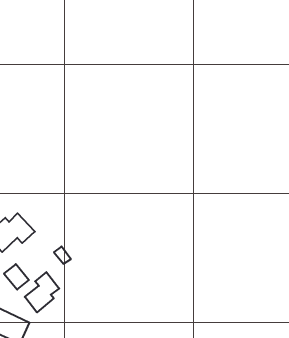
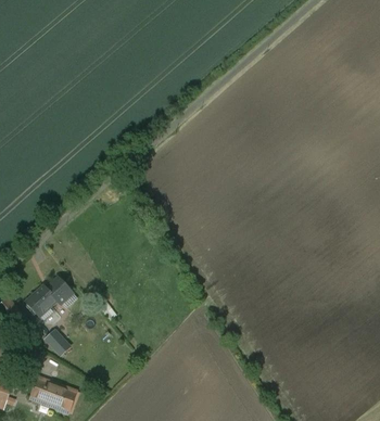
building: [25,272,59,312] -> none

